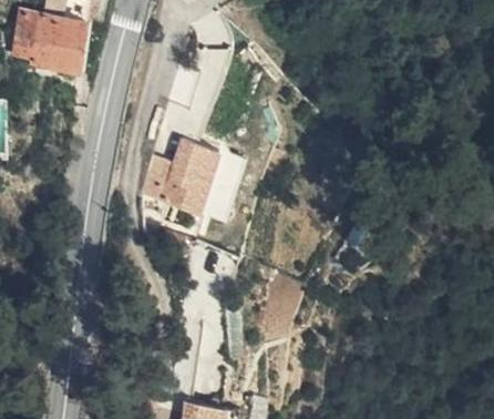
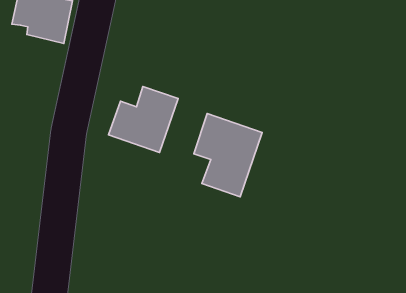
building: none -> [194,114,262,197]

